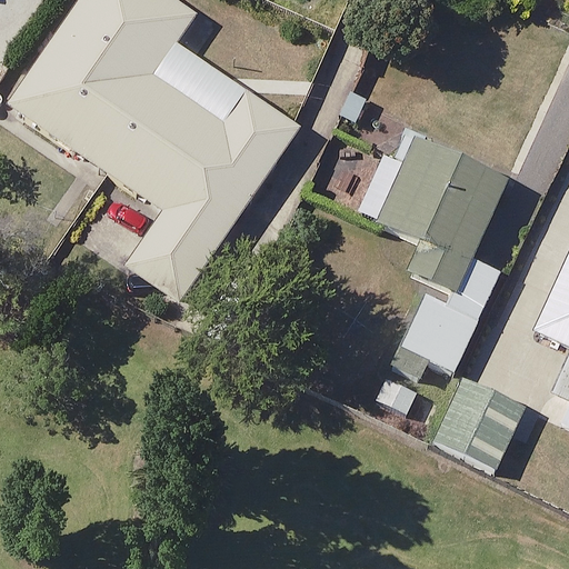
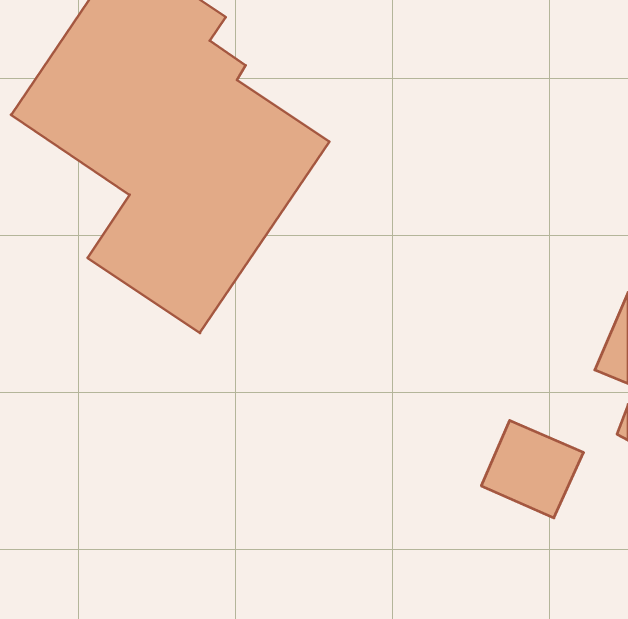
building: [359,139,506,292] -> none
building: [393,293,480,380] -> none

